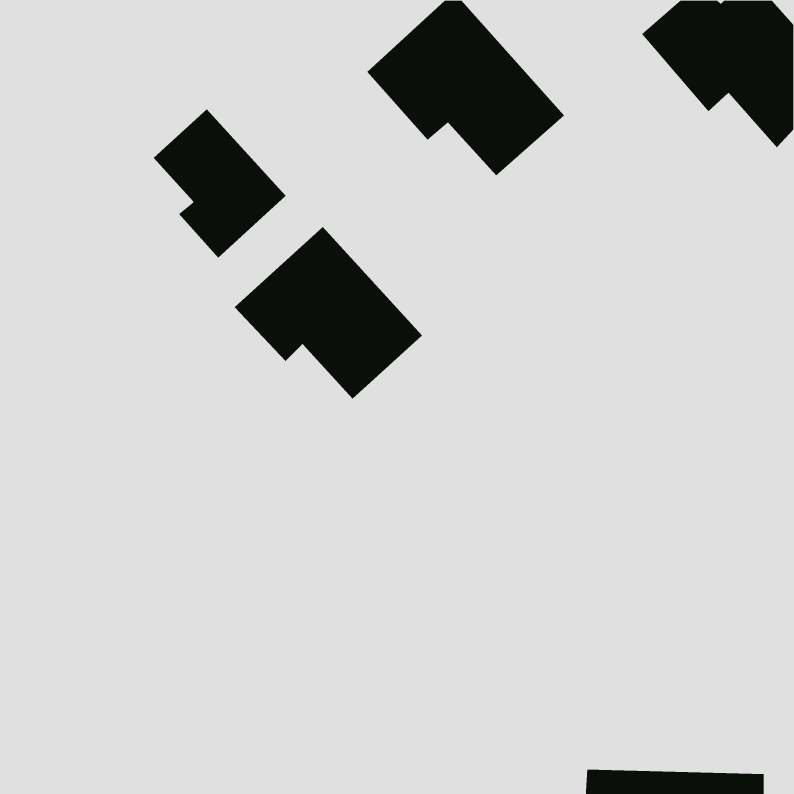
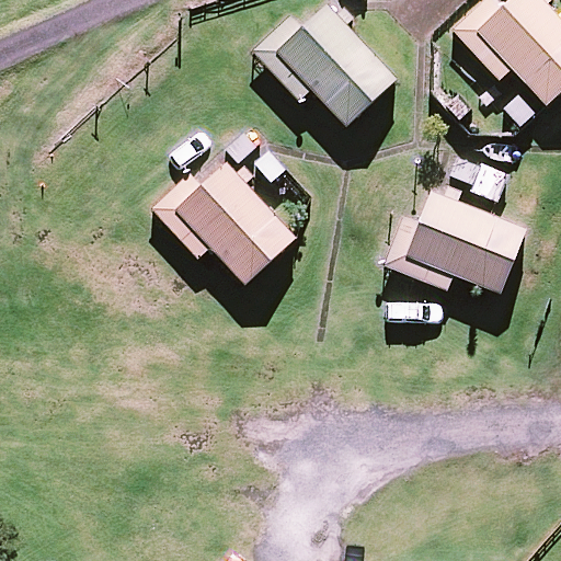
building: [153,108,287,259] -> none
building: none -> [381,191,525,293]

